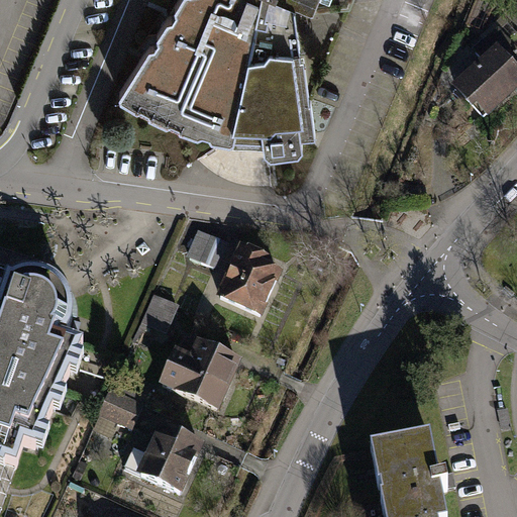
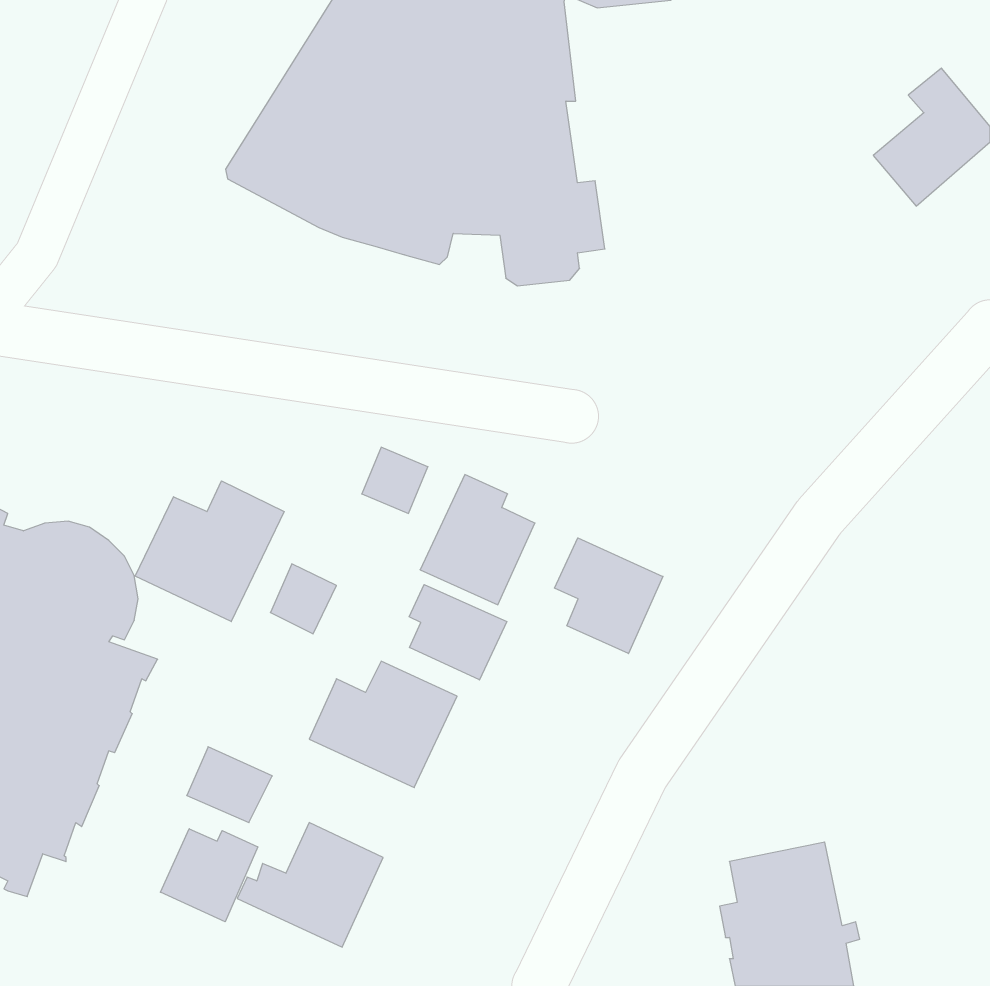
building: none -> [135,481,284,622]
building: none -> [554,538,663,654]
building: none -> [409,585,507,680]
building: none -> [160,829,258,922]

